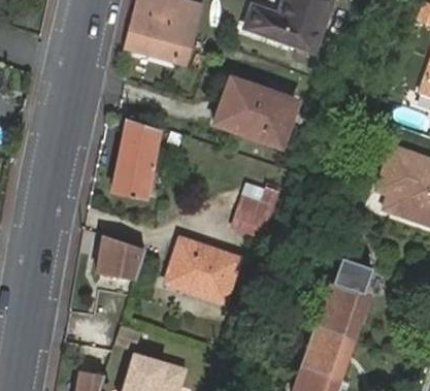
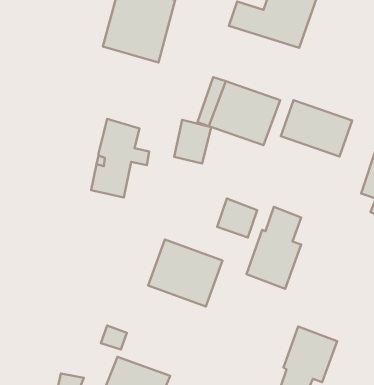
building: none -> [281,100,352,156]
building: none -> [174,120,211,164]
building: [98,233,145,278] -> none
building: [315,258,368,338] -> [246,207,301,289]

